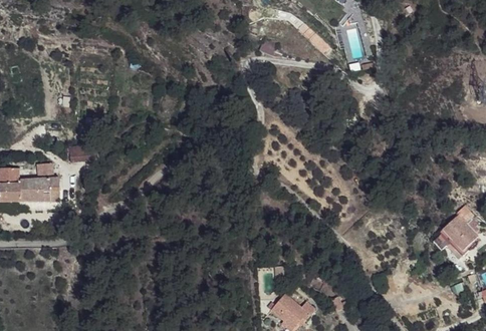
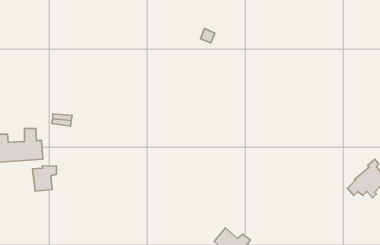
building: none -> [33,166,57,191]

